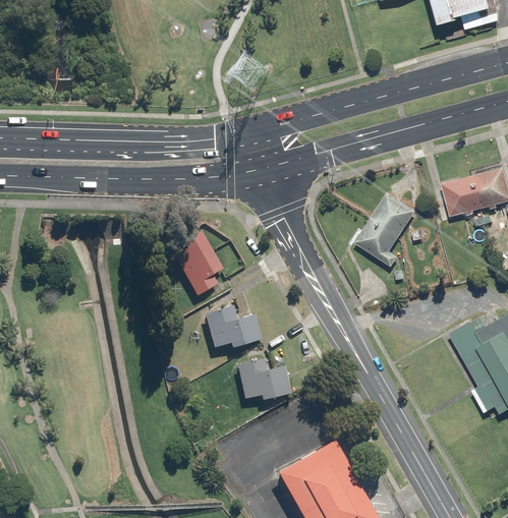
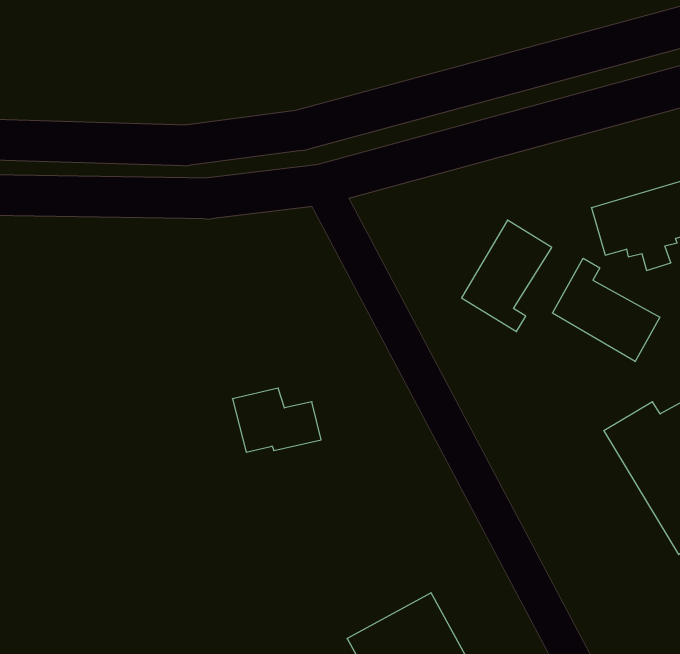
building: none -> [552,258,660,362]
building: [168,227,223,295] -> none
building: [236,358,291,400] -> none

